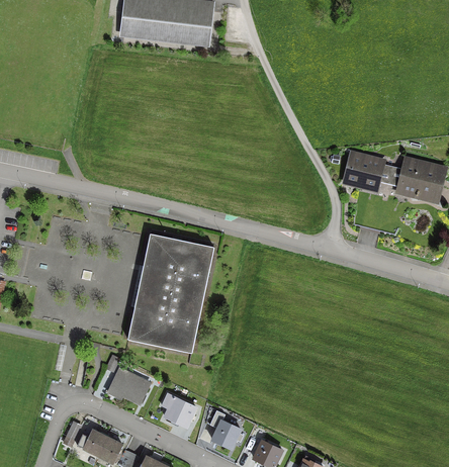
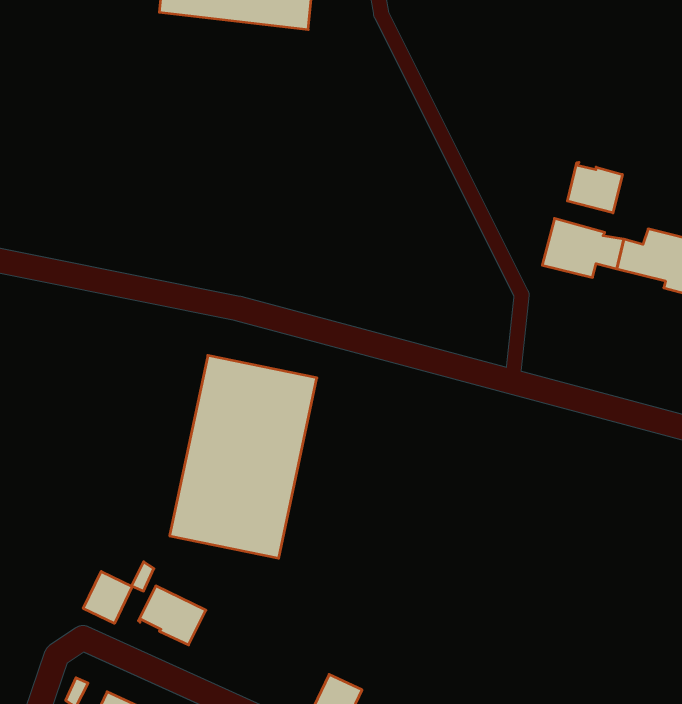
building: none -> [567,162,622,213]
building: none -> [83,571,132,623]
building: [162,393,194,426] -> none

